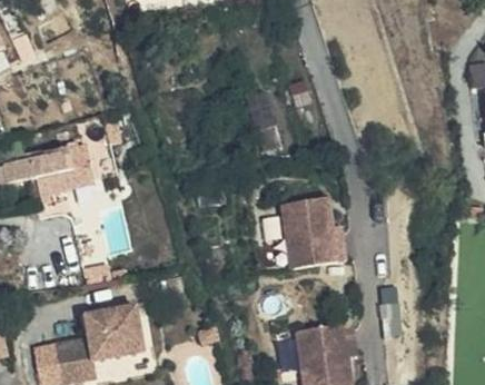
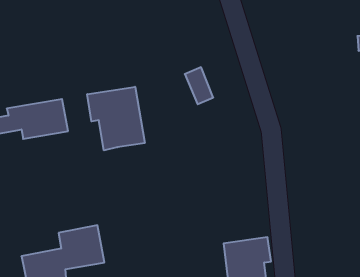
building: none -> [87,87,145,150]
building: [280,198,346,268] -> none

